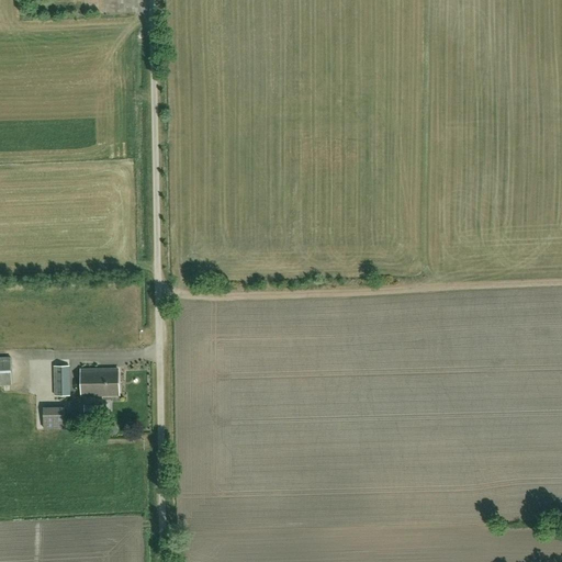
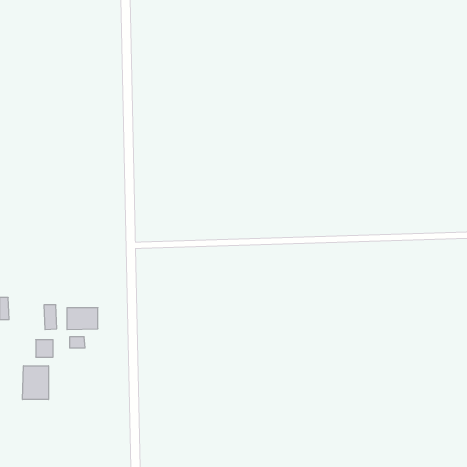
building: none -> [23,366,48,400]

